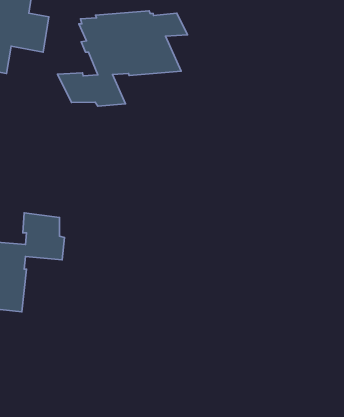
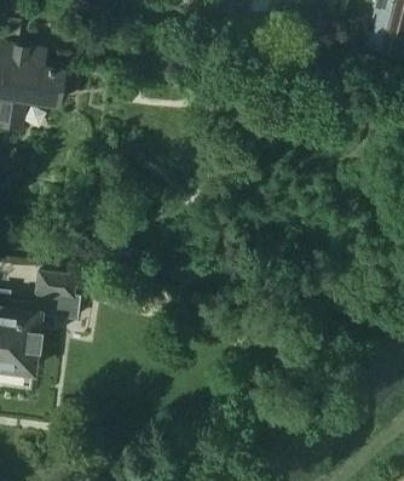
building: [58,11,187,106] -> none

